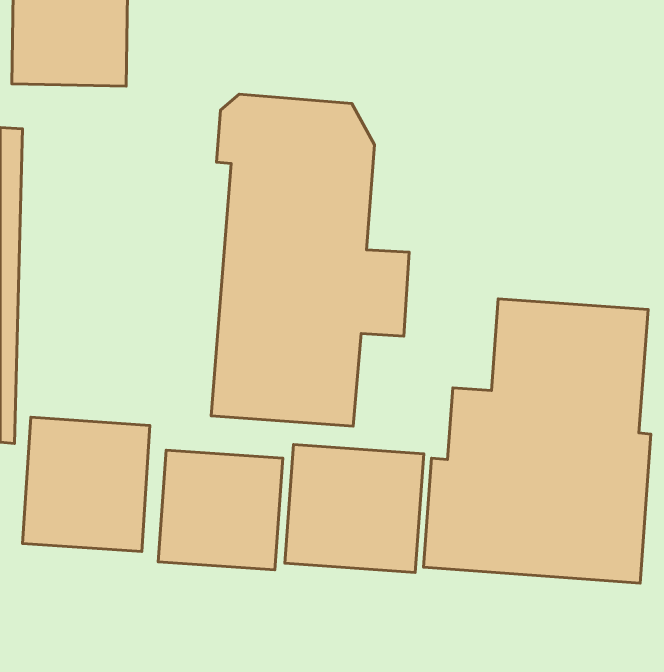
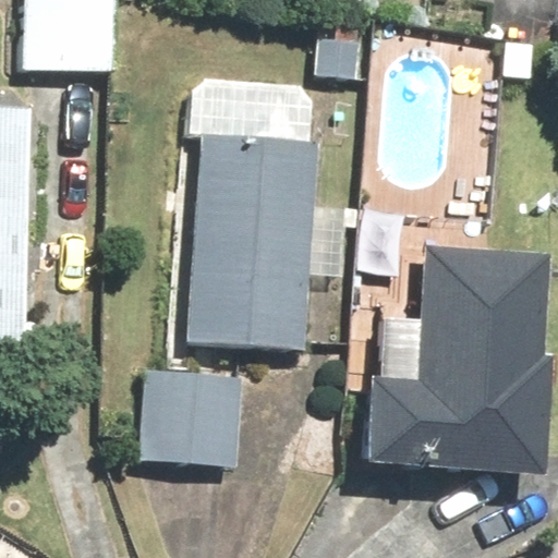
building: [22,417,150,552] -> none
building: [285,445,424,572] -> none

